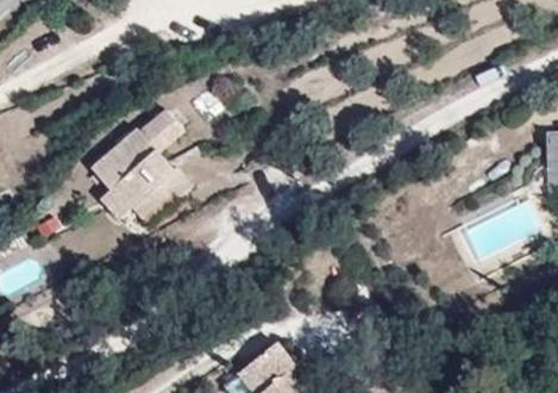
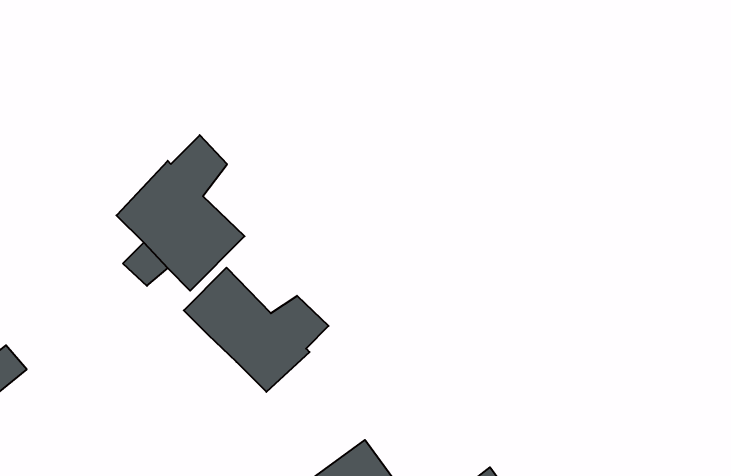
building: none -> [184,268,329,392]

